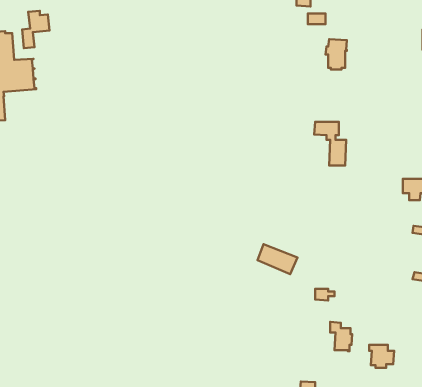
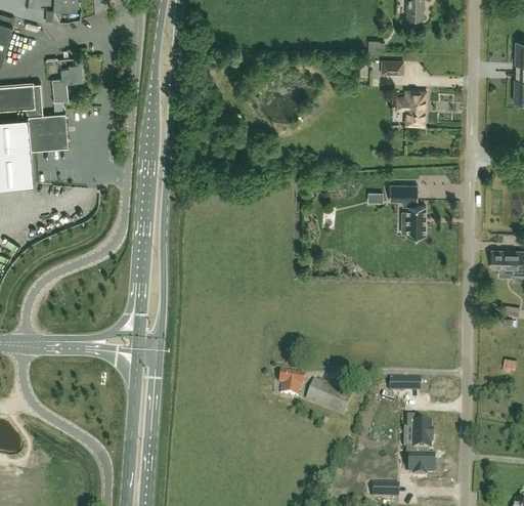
building: [257,244,297,274] -> [306,381,352,416]
building: none -> [279,372,305,397]
building: [369,345,394,368] -> [406,450,435,476]

